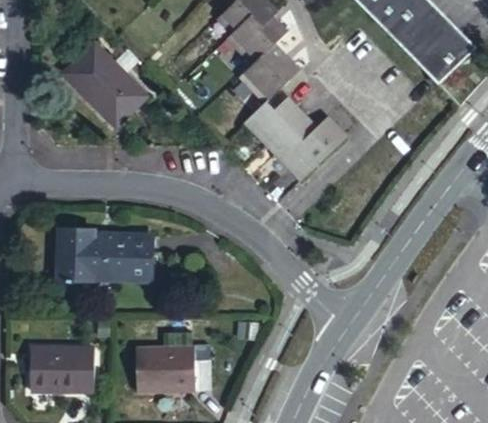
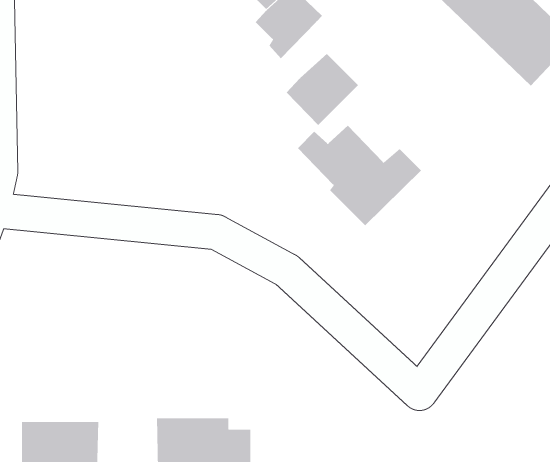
building: [240,25,285,70] -> none
building: [60,38,141,119] -> none
building: [50,227,151,280] -> none

